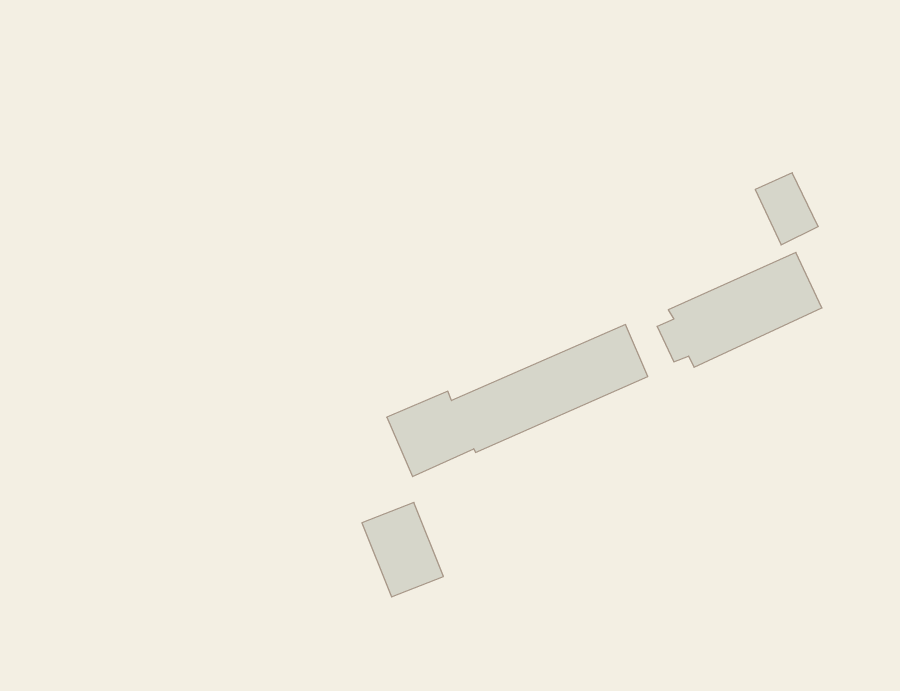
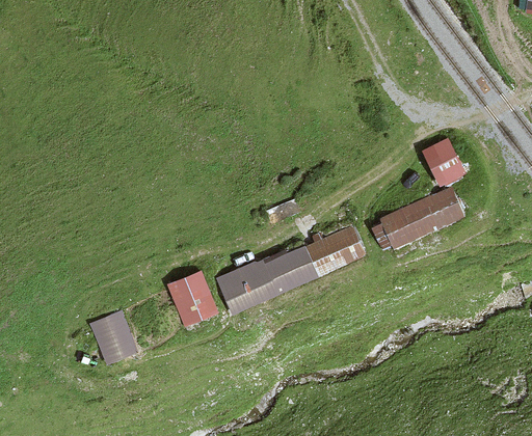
building: none -> [90,311,132,362]
building: [362,502,443,597] -> [168,273,214,326]

